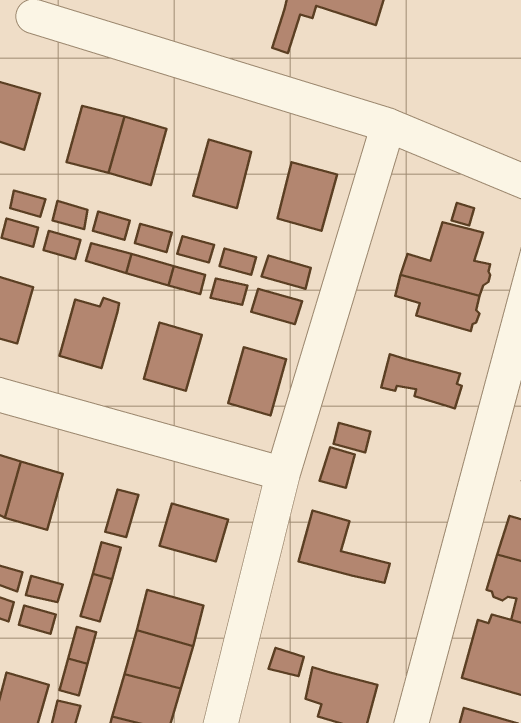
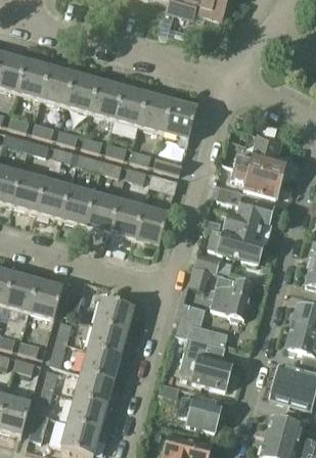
building: none -> [15,59,49,99]
building: none -> [89,80,123,119]
building: none -> [139,93,171,132]
building: none -> [11,171,46,212]
building: none -> [217,183,273,222]
building: none -> [60,186,94,225]
building: none -> [109,199,143,239]
building: none -> [206,228,263,262]
building: none -> [211,275,253,319]
building: none -> [29,280,62,325]
building: none -> [87,322,127,357]
building: none -> [179,335,232,388]

